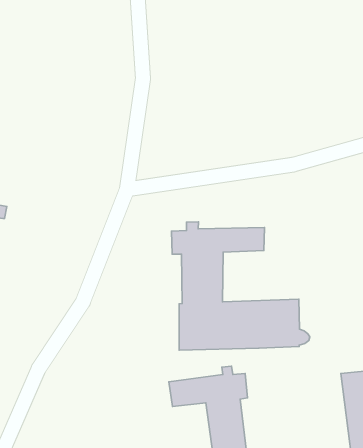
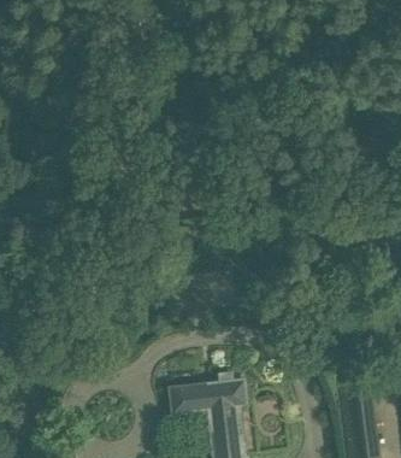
building: [172,222,310,350] -> none

